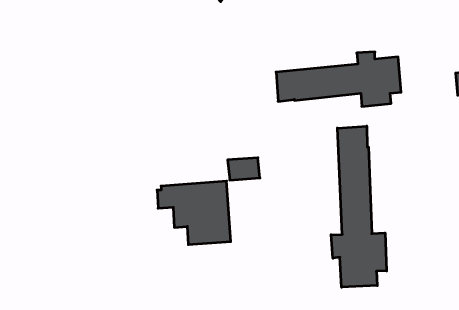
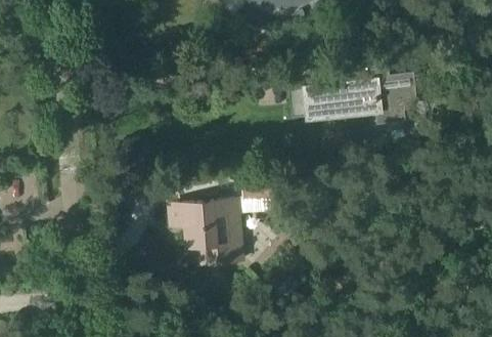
building: [331,126,387,287] -> none

